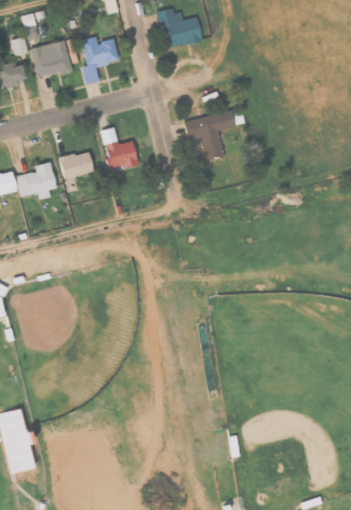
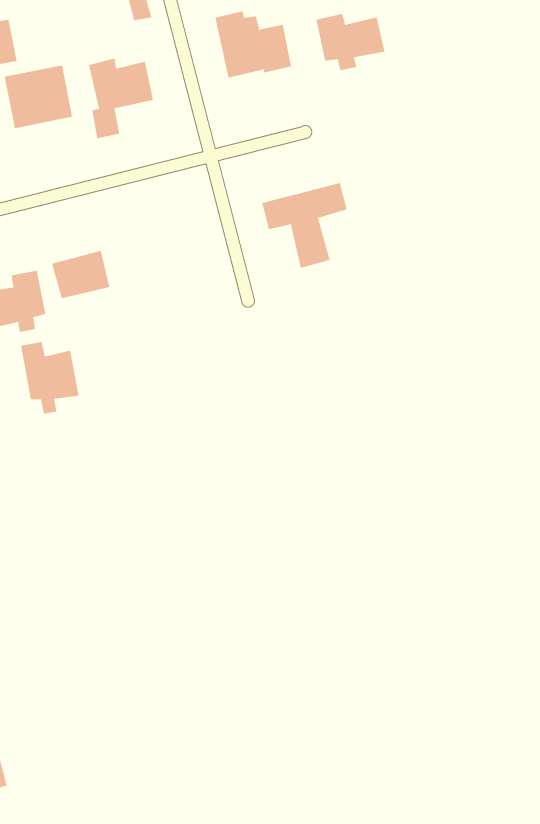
building: none -> [316,13,385,71]
building: [101,127,137,170] -> none
building: none -> [20,341,79,414]

